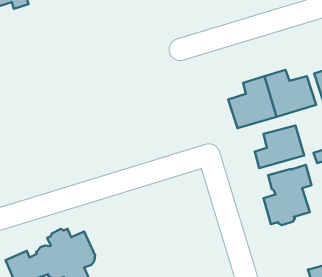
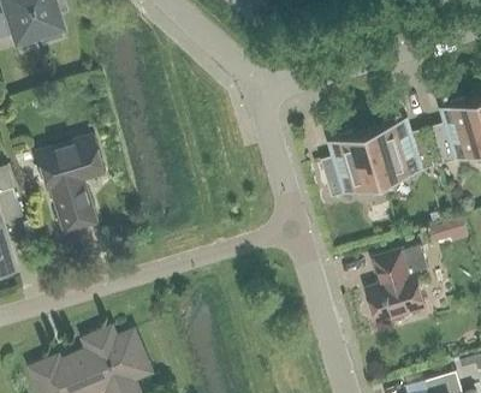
building: none -> [35,136,101,231]
building: [255,126,304,168] -> none

